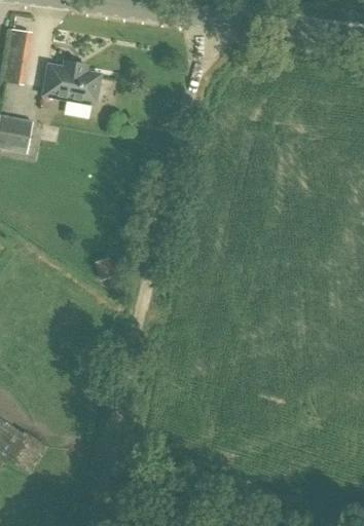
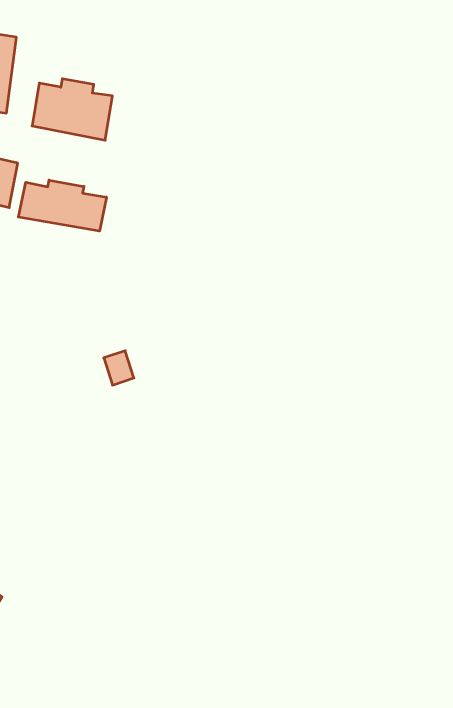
building: none -> [18,180,106,231]

